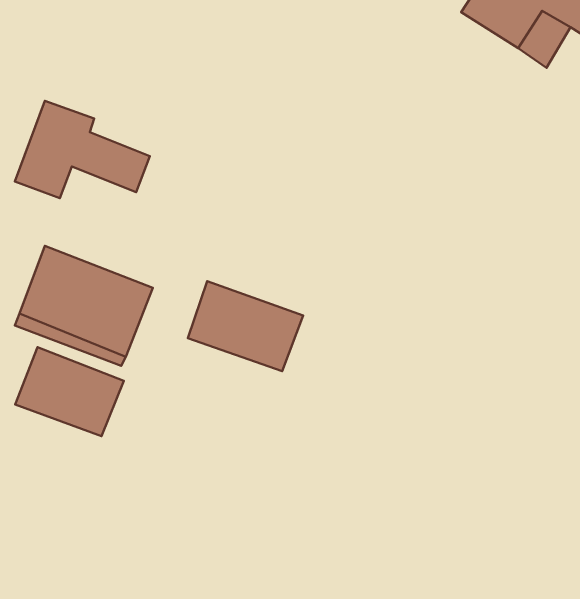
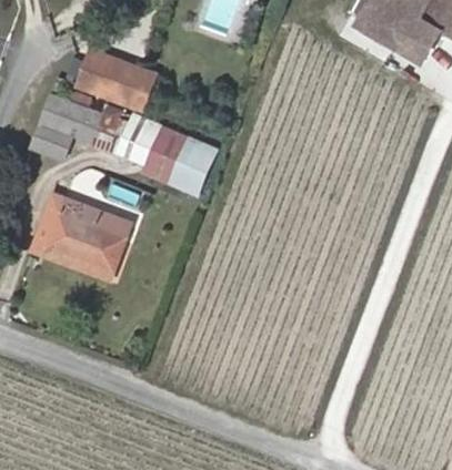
building: none -> [78,51,154,109]
building: [188,281,303,371] -> [129,126,214,193]
building: [15,347,124,436] -> none

